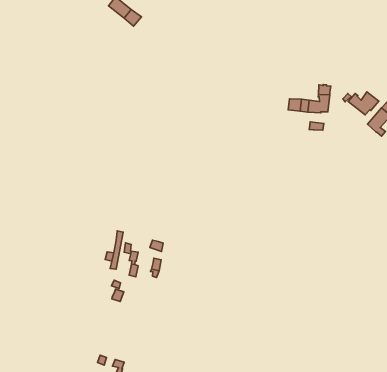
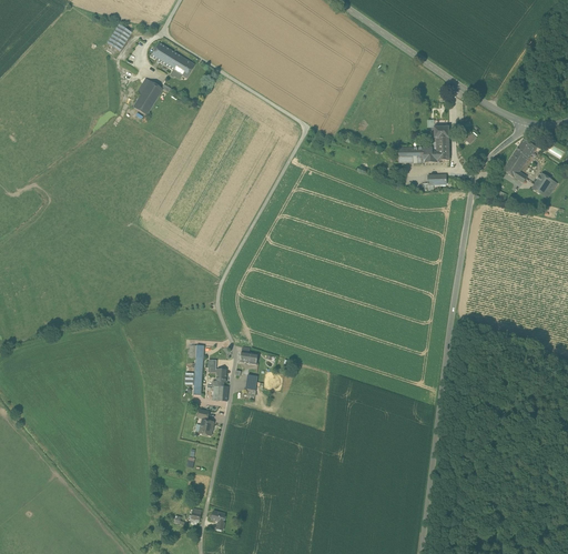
building: none -> [132,78,162,114]
building: [348,92,379,115] -> none

